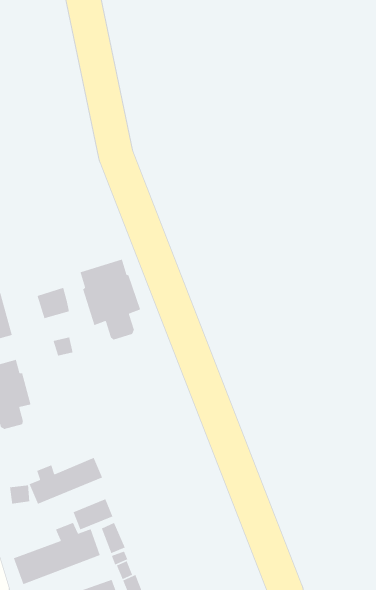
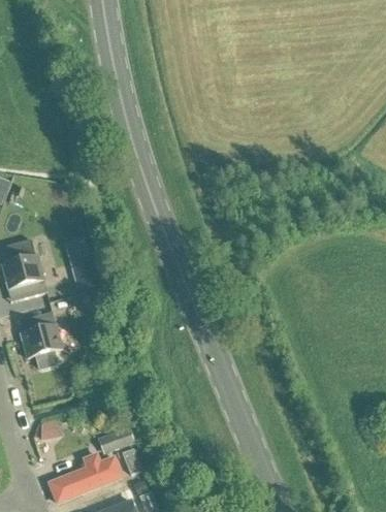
building: [79,258,141,341] -> none
building: [29,457,103,505] -> none

